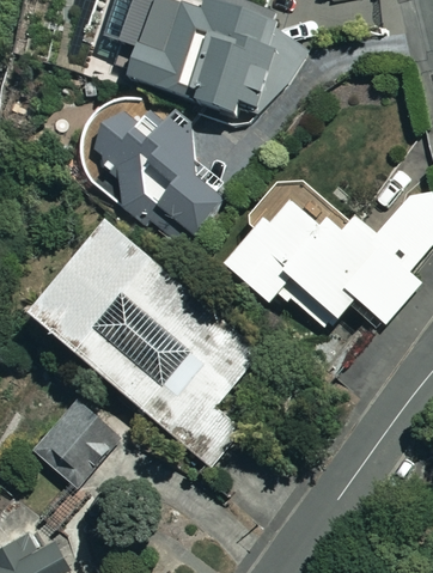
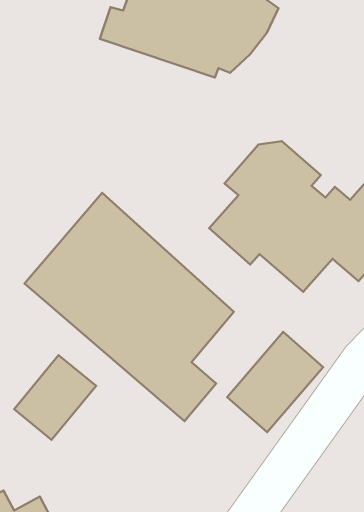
building: [90,105,216,233] -> none
building: none -> [227,332,323,432]

